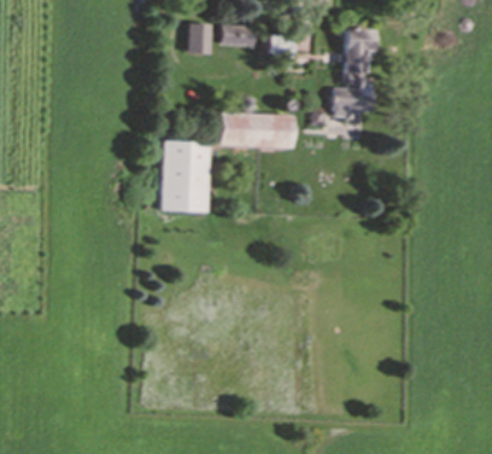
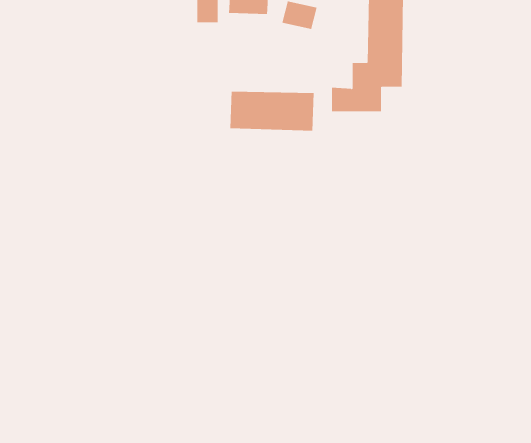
building: [162,140,210,211] -> none

